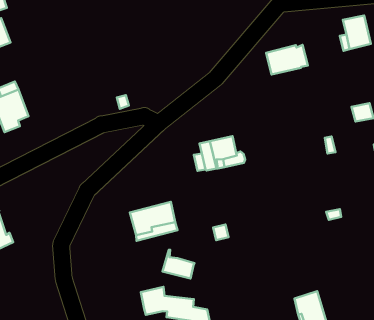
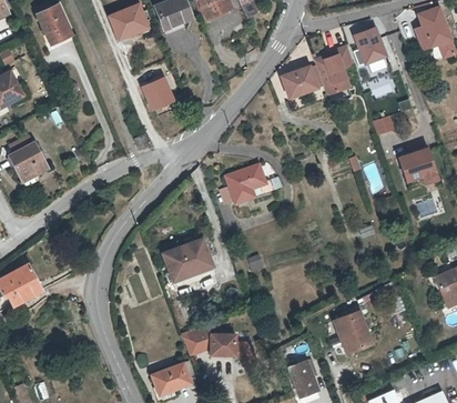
building: none -> [314,44,354,105]
building: none -> [141,78,174,112]
building: [163,250,194,279] -> none

